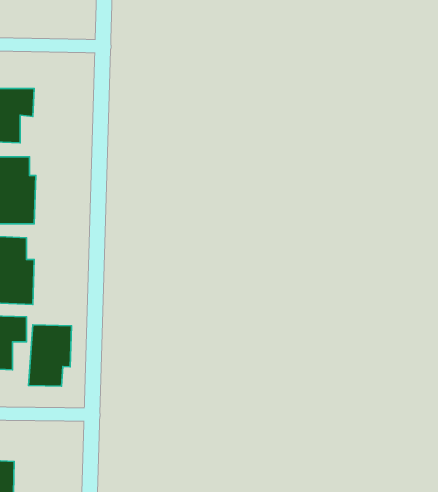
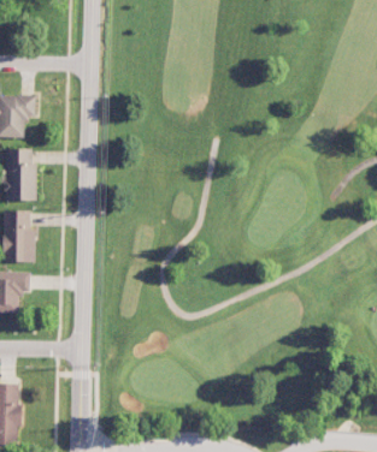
building: [29,325,72,386] -> none

